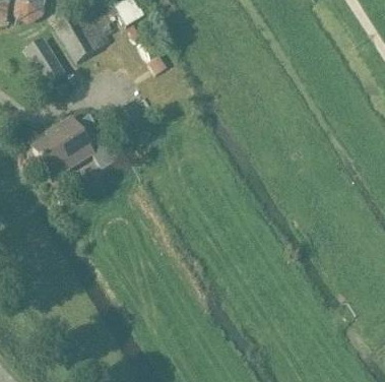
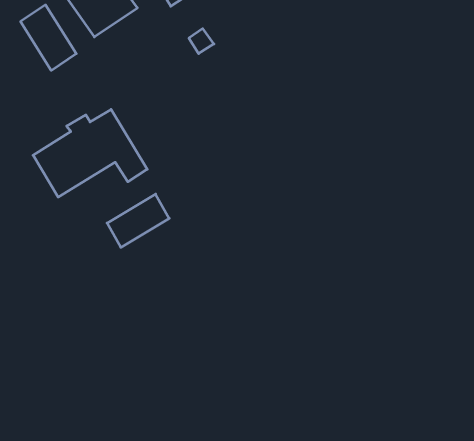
building: none -> [107,194,169,247]

